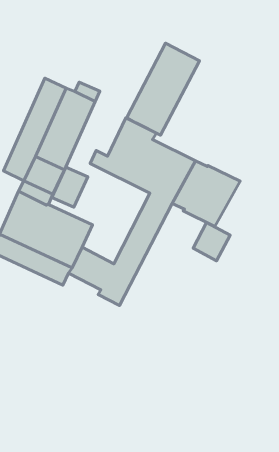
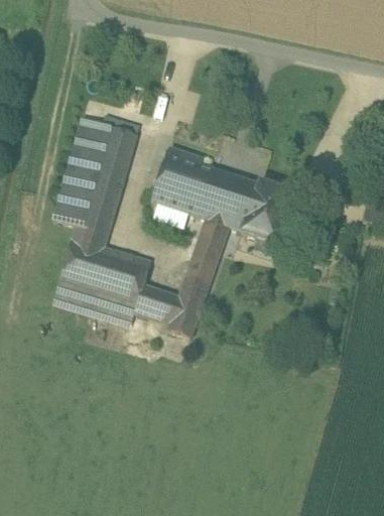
building: [127,43,199,135] -> none
building: [52,167,88,207] -> none
building: [193,222,230,261] -> none

